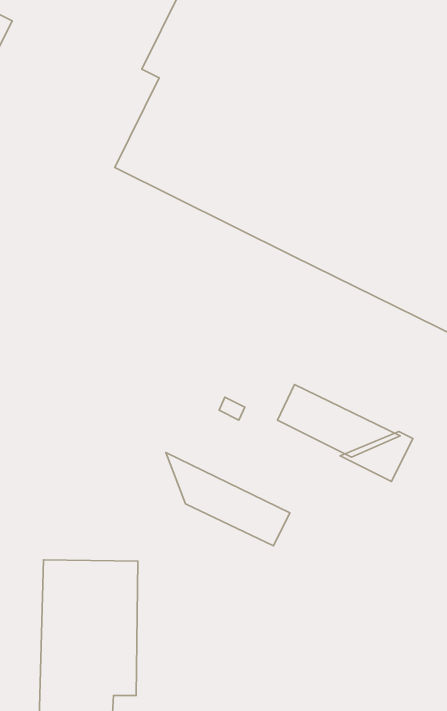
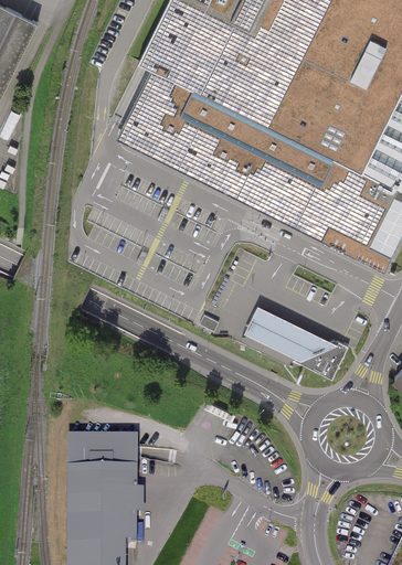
building: [166,452,290,546] -> none

